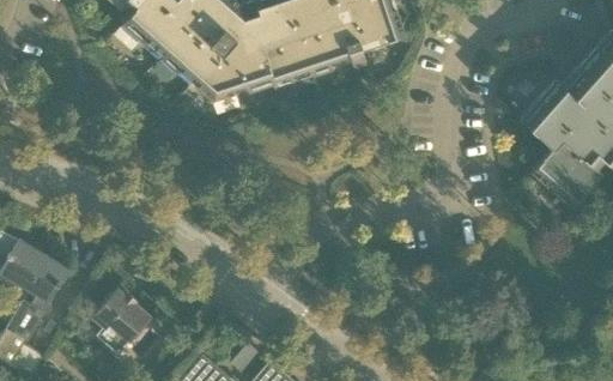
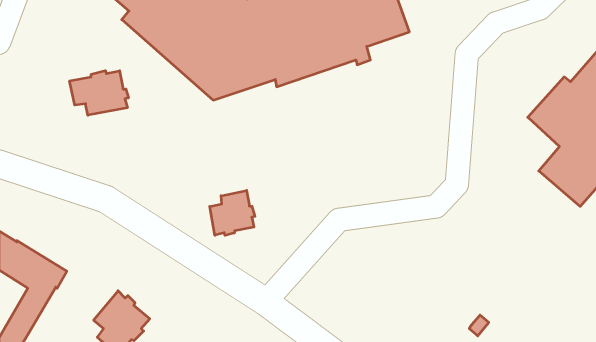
building: none -> [70,71,128,115]
building: none -> [210,190,255,235]

